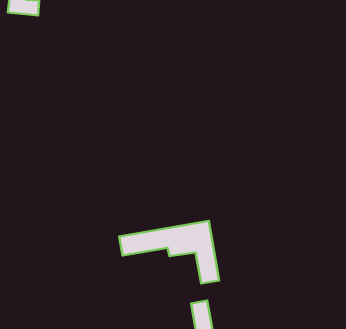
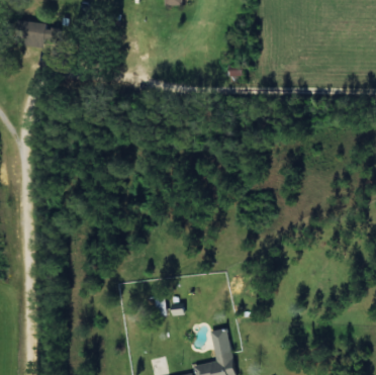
building: [119,221,219,284] -> none

